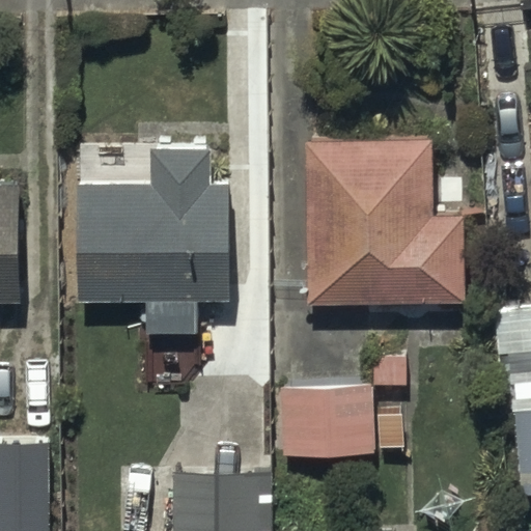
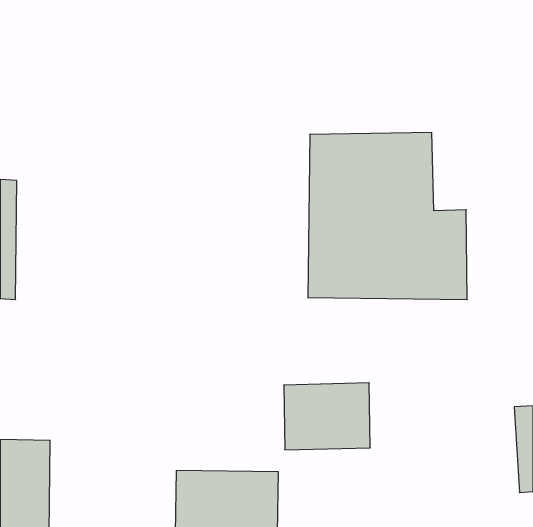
building: [75,150,228,333] -> none

